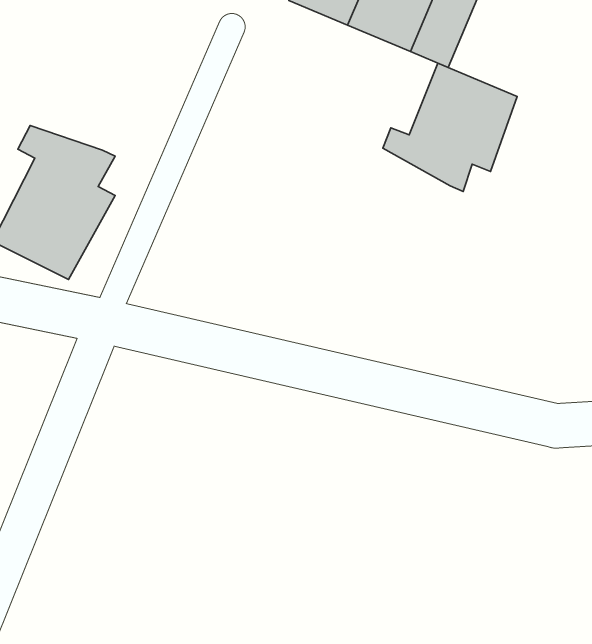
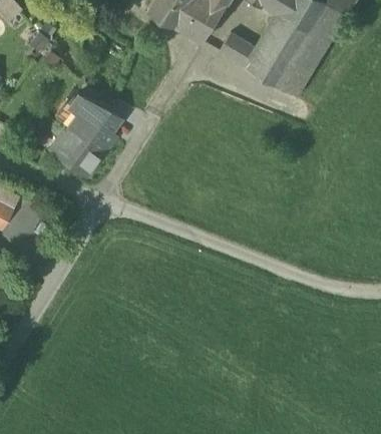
building: [383,63,517,192] -> none

